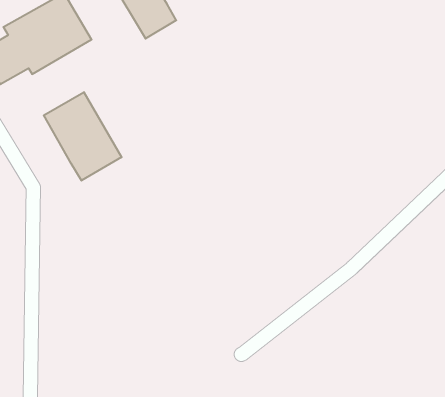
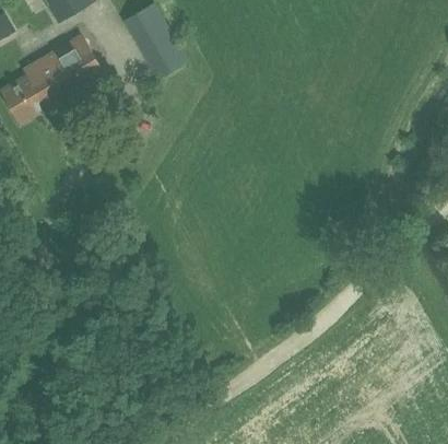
building: [44,92,122,181] -> none

